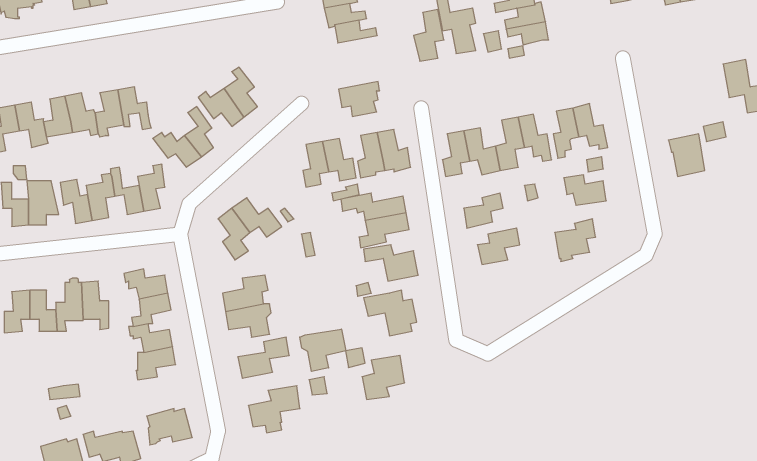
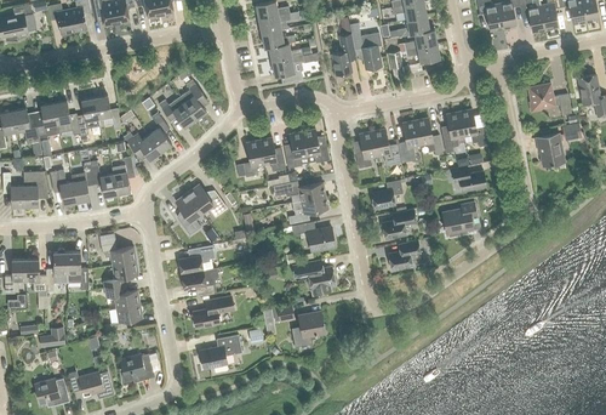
building: none -> [527,83,570,114]
building: [339,82,380,116] -> [270,55,303,83]
building: none -> [388,240,419,269]
building: [300,329,346,371] -> none

